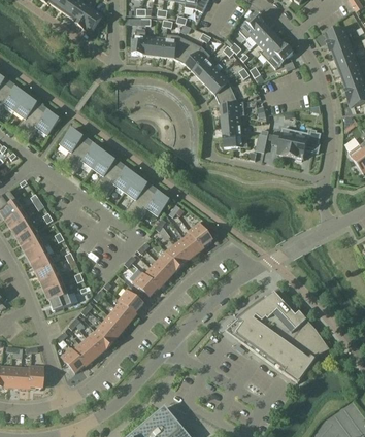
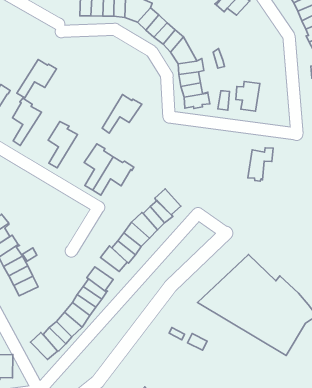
building: [290,129,316,160] -> [248,148,273,181]
building: [66,140,105,175] -> [17,59,56,98]
building: [99,164,138,199] -> [102,95,142,133]

